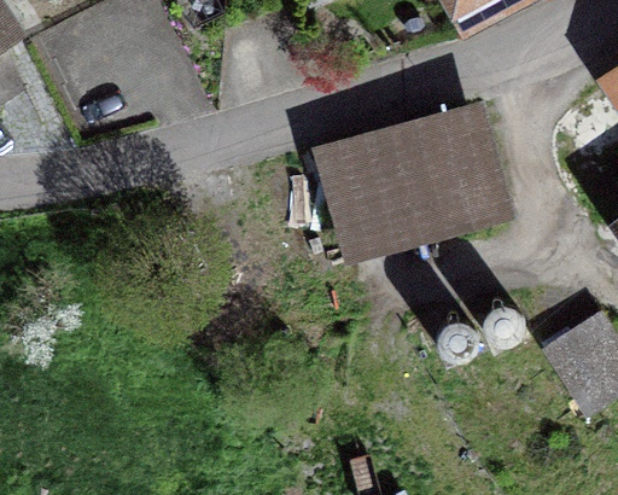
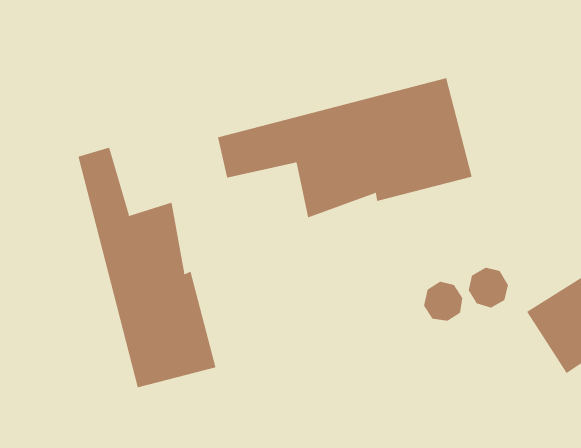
building: none -> [78,147,216,388]

